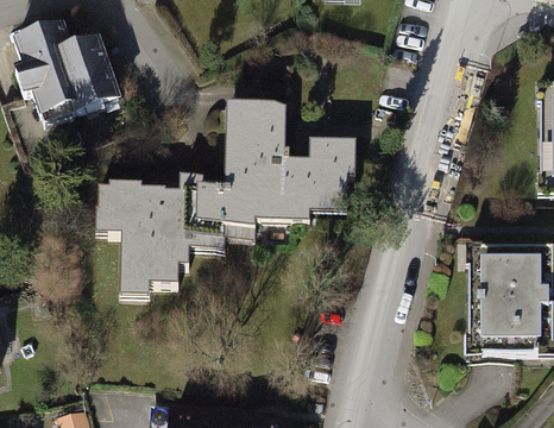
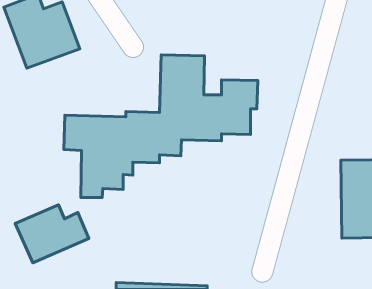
building: none -> [15,205,89,263]

